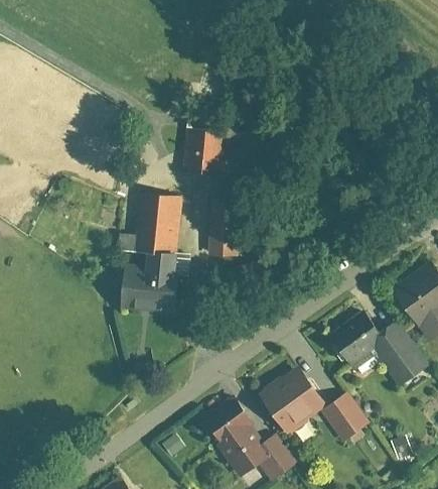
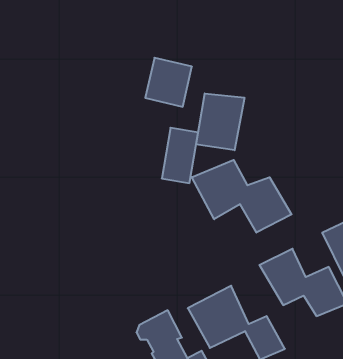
building: none -> [196,93,244,150]
building: [110,199,184,317] -> none
building: none -> [192,160,292,233]

